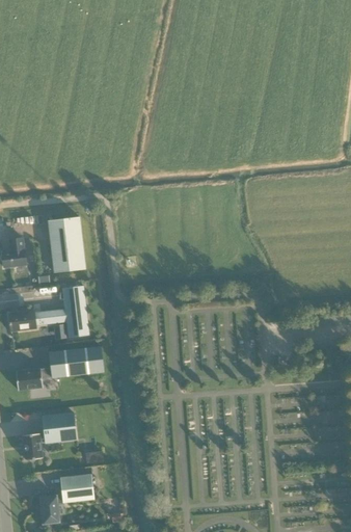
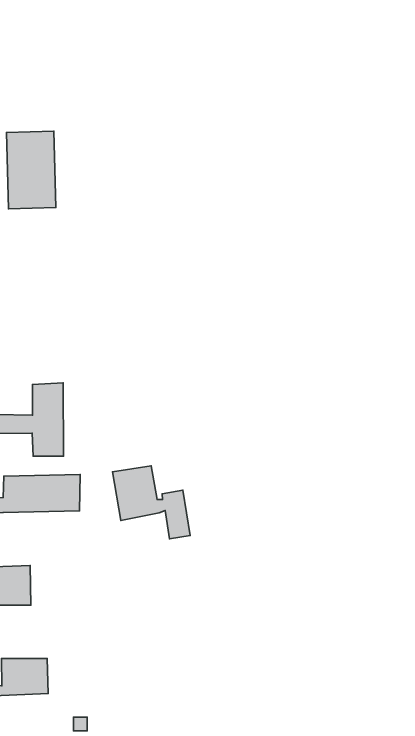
building: [46,216,84,272] -> [7,131,56,209]
building: none -> [113,466,190,539]

